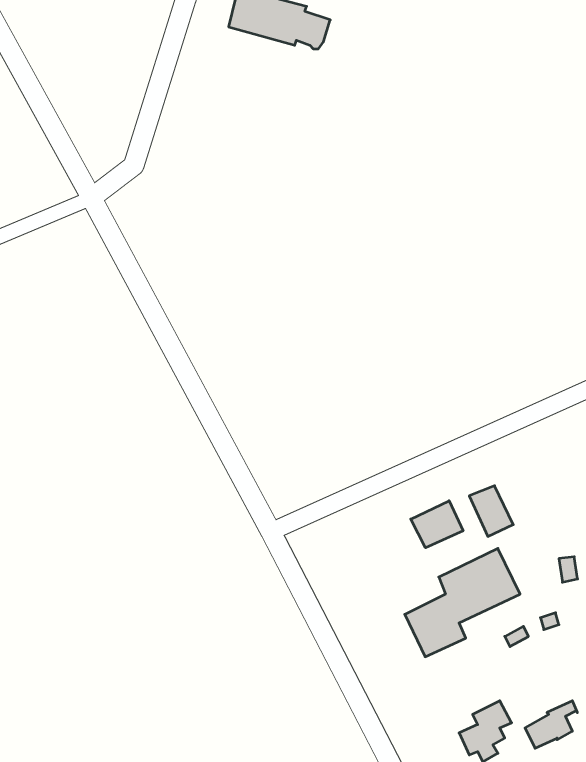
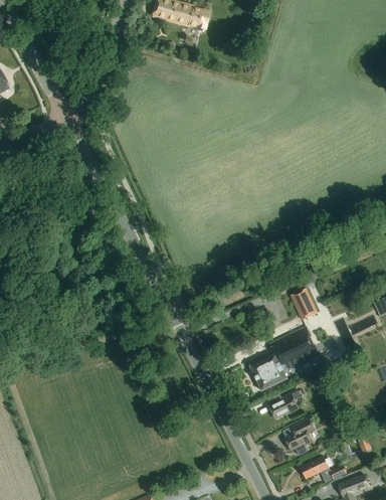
building: [411,501,463,548] -> none
building: [525,701,577,748] -> [269,389,301,418]

